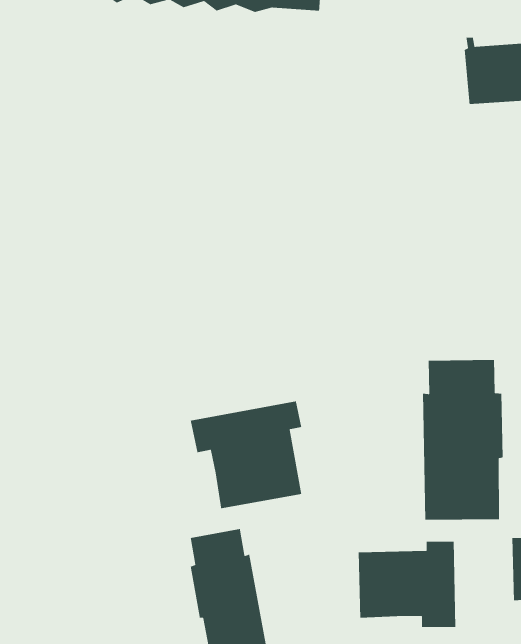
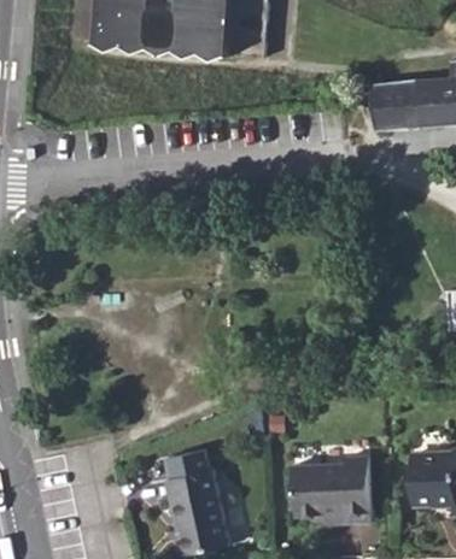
building: [422,359,503,520] -> none
building: [190,400,302,509] -> none

